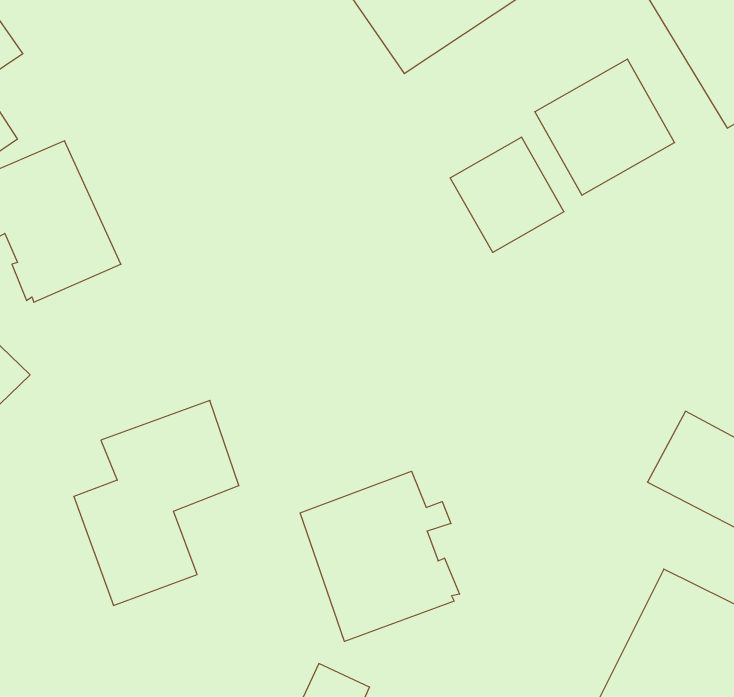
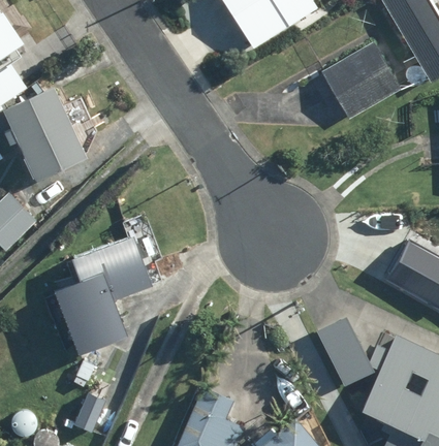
building: [450,137,564,252] -> none
building: [300,471,459,641] -> none
building: none -> [319,321,370,383]

